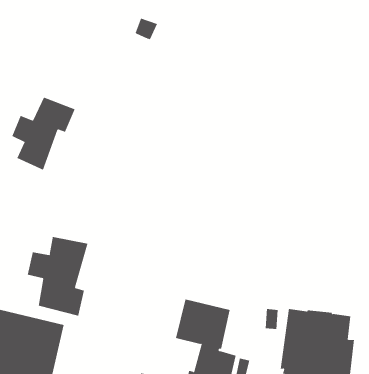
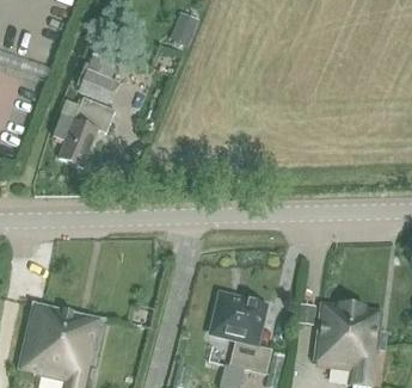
building: none -> [78,54,117,103]
building: [27,236,88,317] -> none

